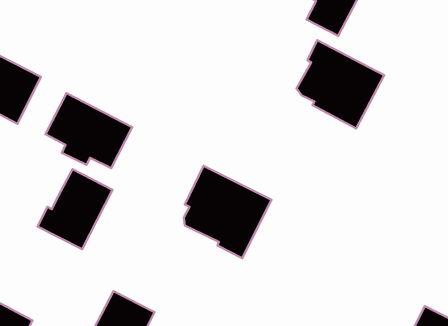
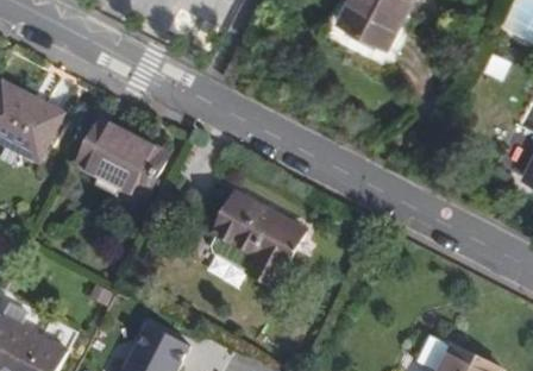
building: [297,40,384,129] -> none
building: [38,169,112,249] -> none

